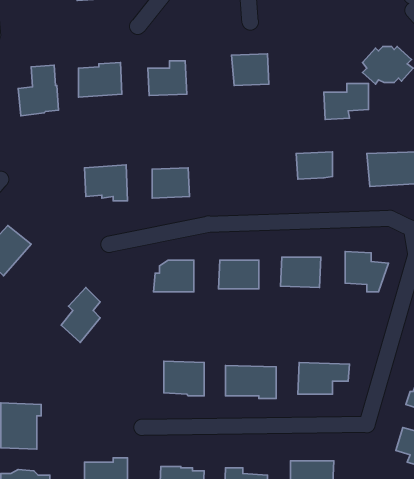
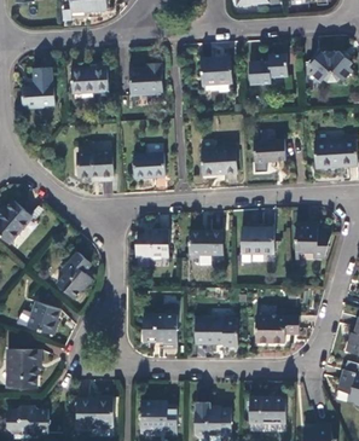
building: [324,83,368,119] -> [249,54,286,85]
building: none -> [201,147,237,174]
building: none -> [28,302,58,335]

